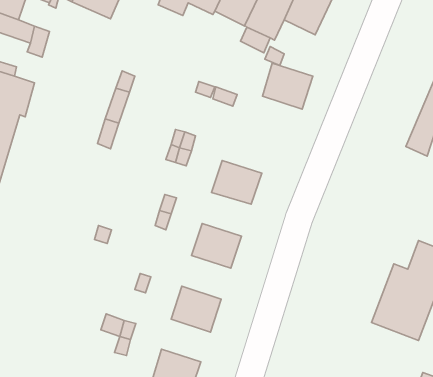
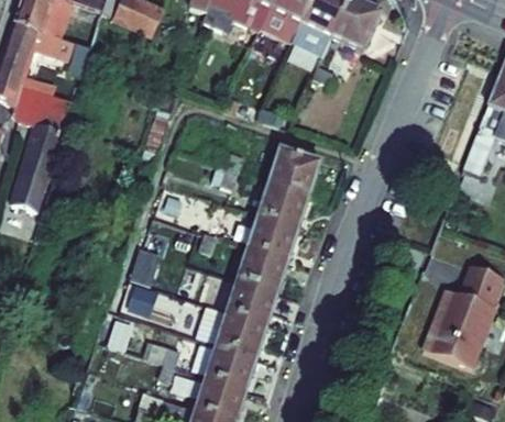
building: [263,63,313,109] -> [267,147,319,195]
building: none -> [246,214,297,259]
building: none -> [226,279,276,324]
building: none -> [205,345,255,389]

